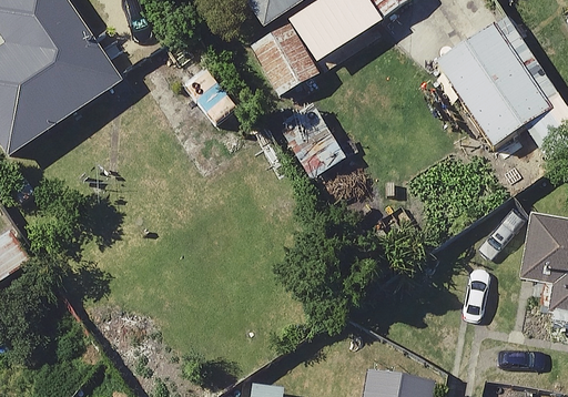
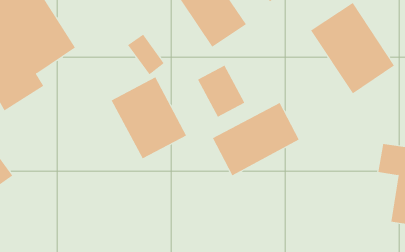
building: none -> [111,76,187,159]
building: none -> [212,102,299,176]

